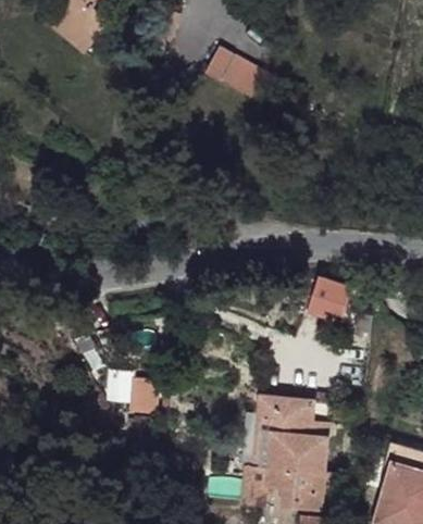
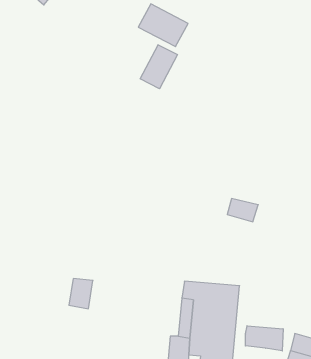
building: none -> [140,45,177,89]
building: none -> [245,326,283,351]

